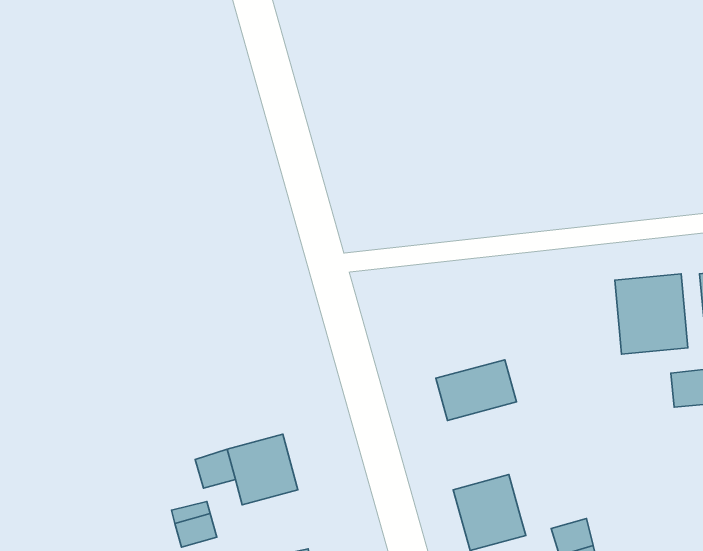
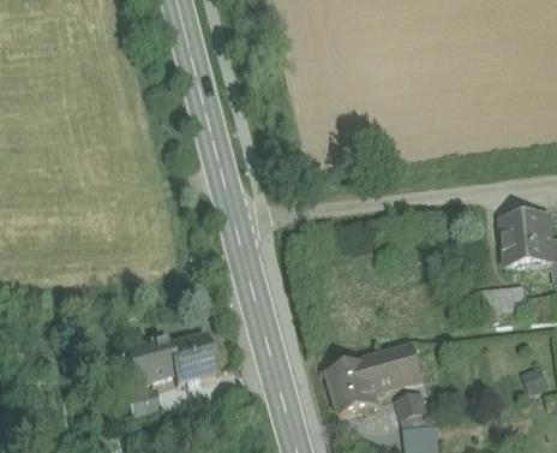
building: [615,274,688,354] -> none
building: [436,360,517,420] -> [364,347,421,391]

